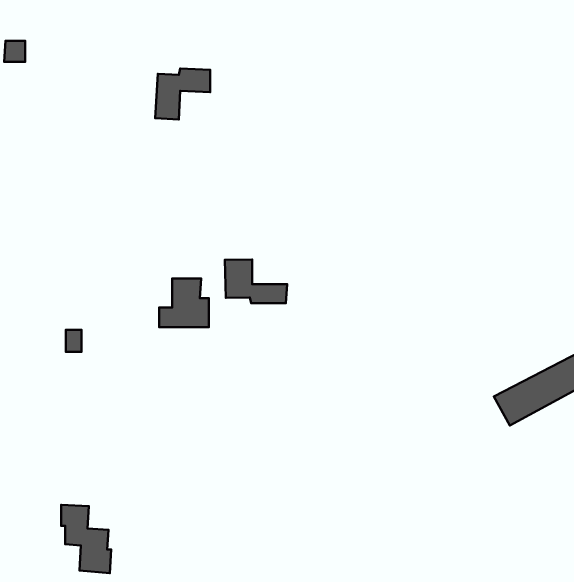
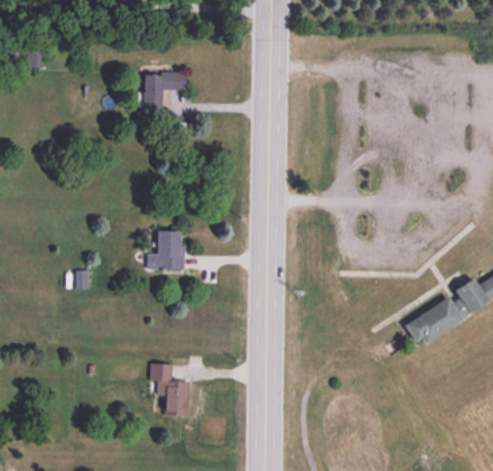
building: [225,259,287,303] -> none
building: [61,505,111,573] -> [151,364,189,416]

